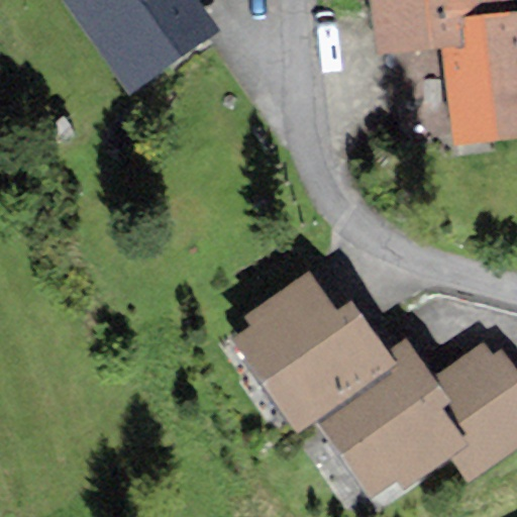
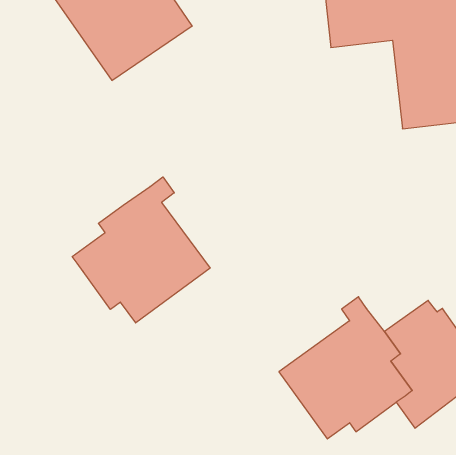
building: none -> [72,177,210,323]
building: [231,269,396,432] -> none

